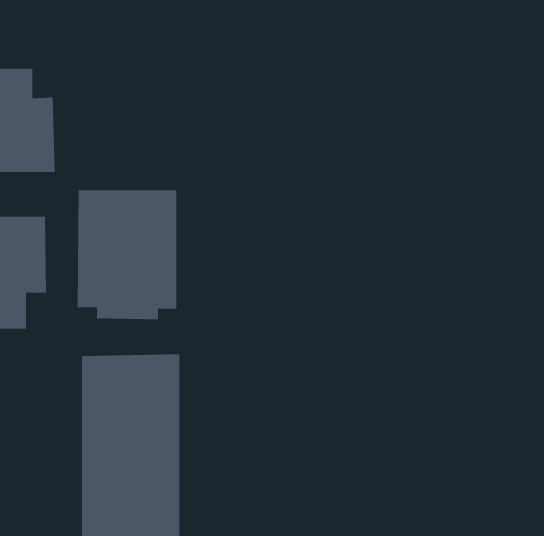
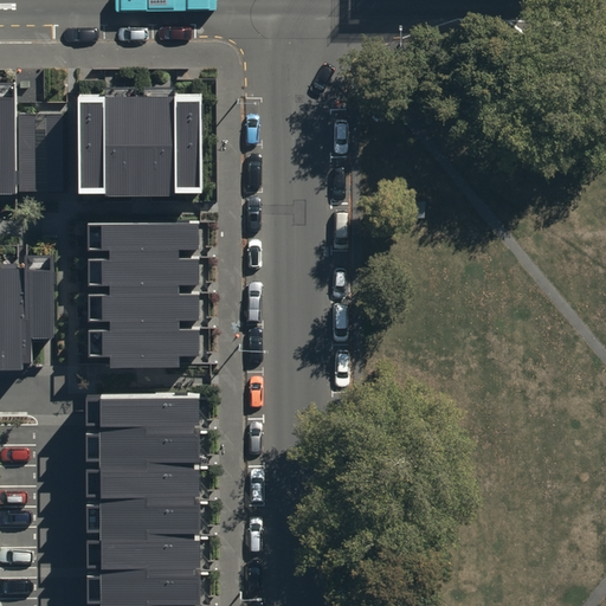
building: none -> [83,96,198,194]

